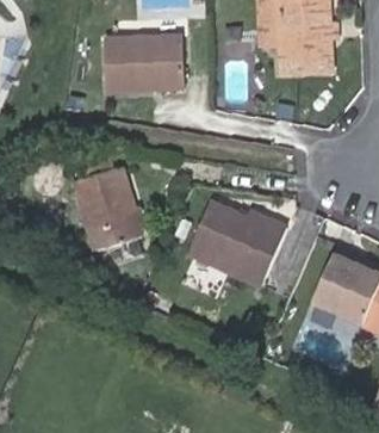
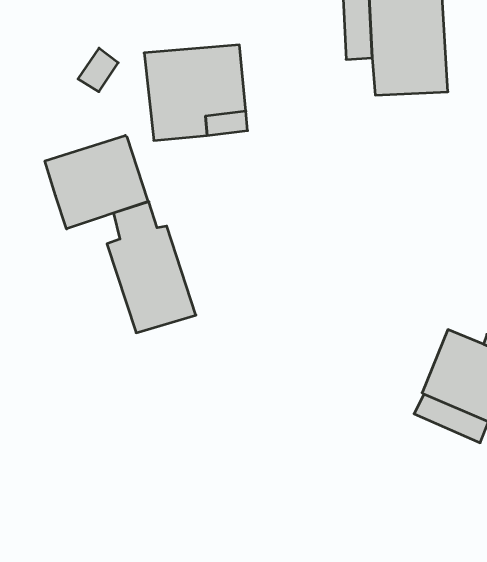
building: none -> [45,135,148,229]
building: [193,209,288,285] -> none

